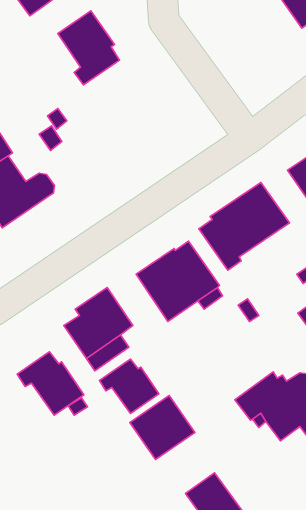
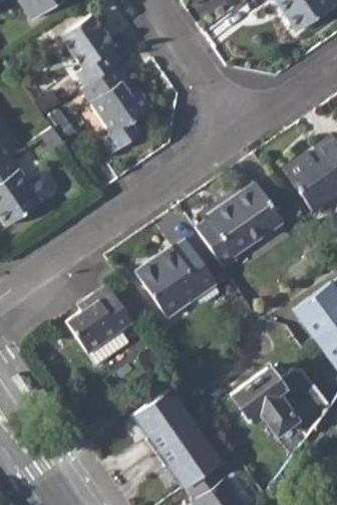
building: none -> [81,64,151,154]
building: [17,352,84,415] -> none
building: [100,359,159,413] -> none
building: none -> [155,426,219,488]

